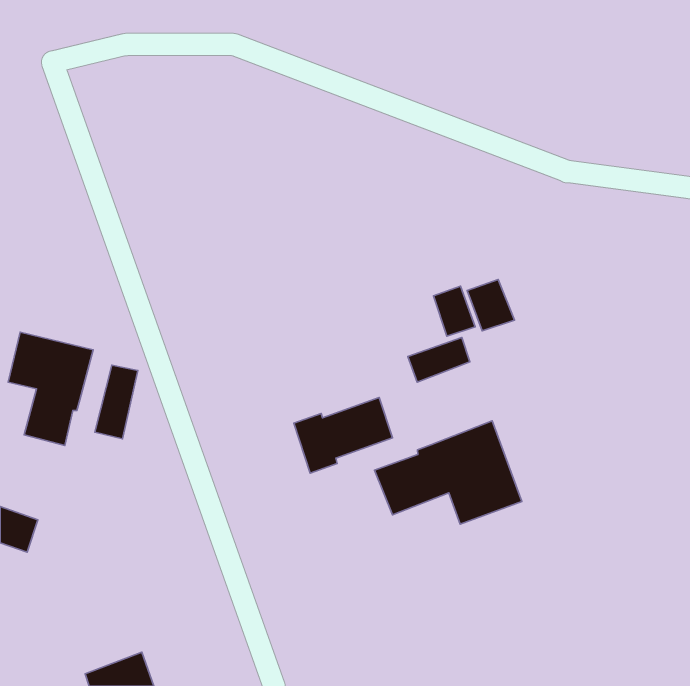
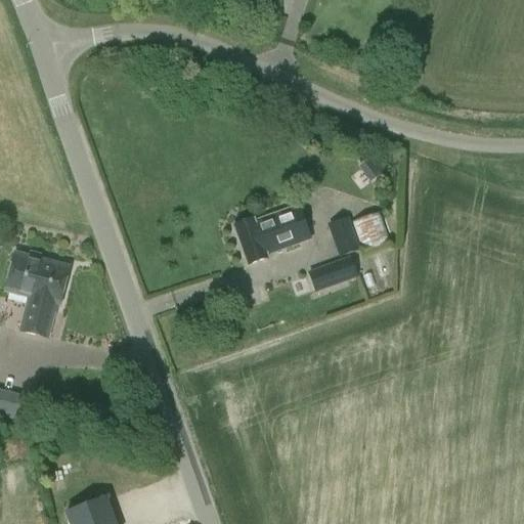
building: [95,365,138,439] -> none
building: [294,397,393,473] -> [235,207,310,264]
building: [375,421,522,524] -> none

